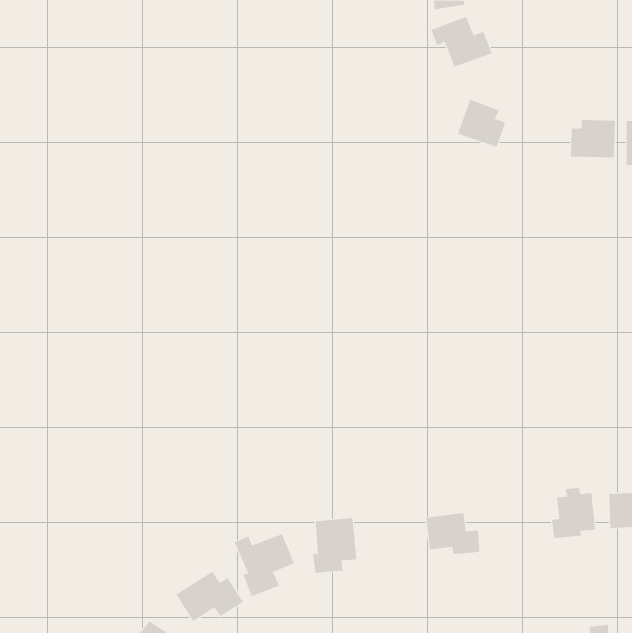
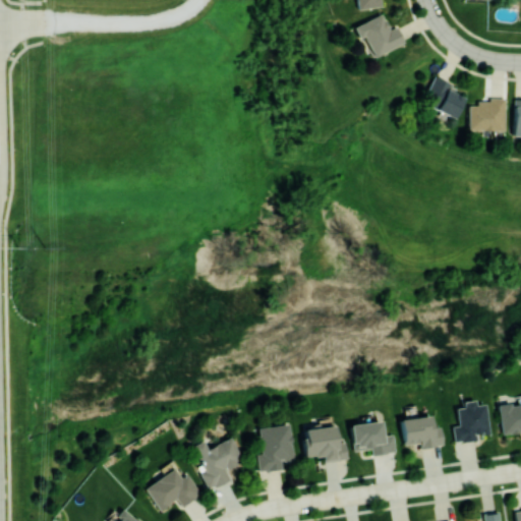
building: [457,99,506,147] -> [424,78,464,118]
building: none -> [402,416,445,449]
building: none -> [303,426,349,463]

